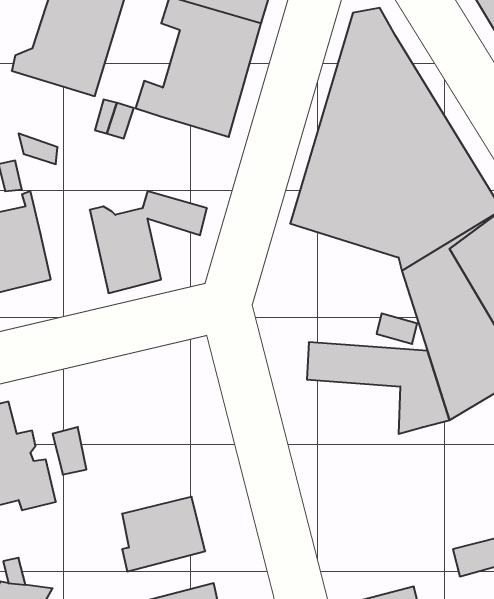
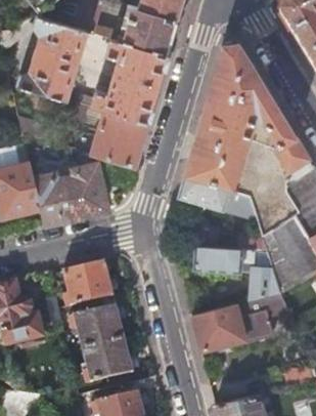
building: none -> [90,109,147,164]
building: none -> [34,165,75,222]
building: none -> [177,173,239,209]
building: none -> [62,260,114,307]
building: none -> [192,296,273,349]
building: none -> [69,304,125,348]

